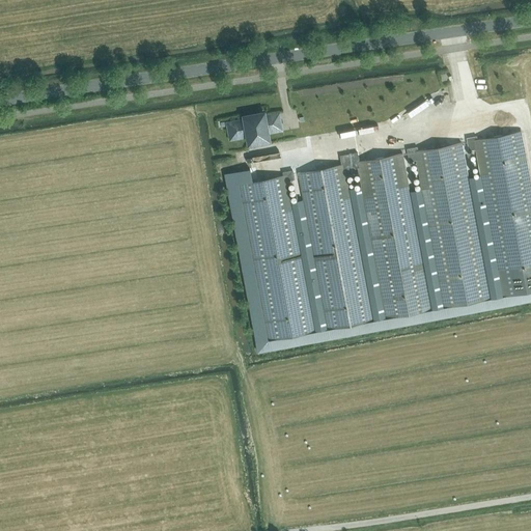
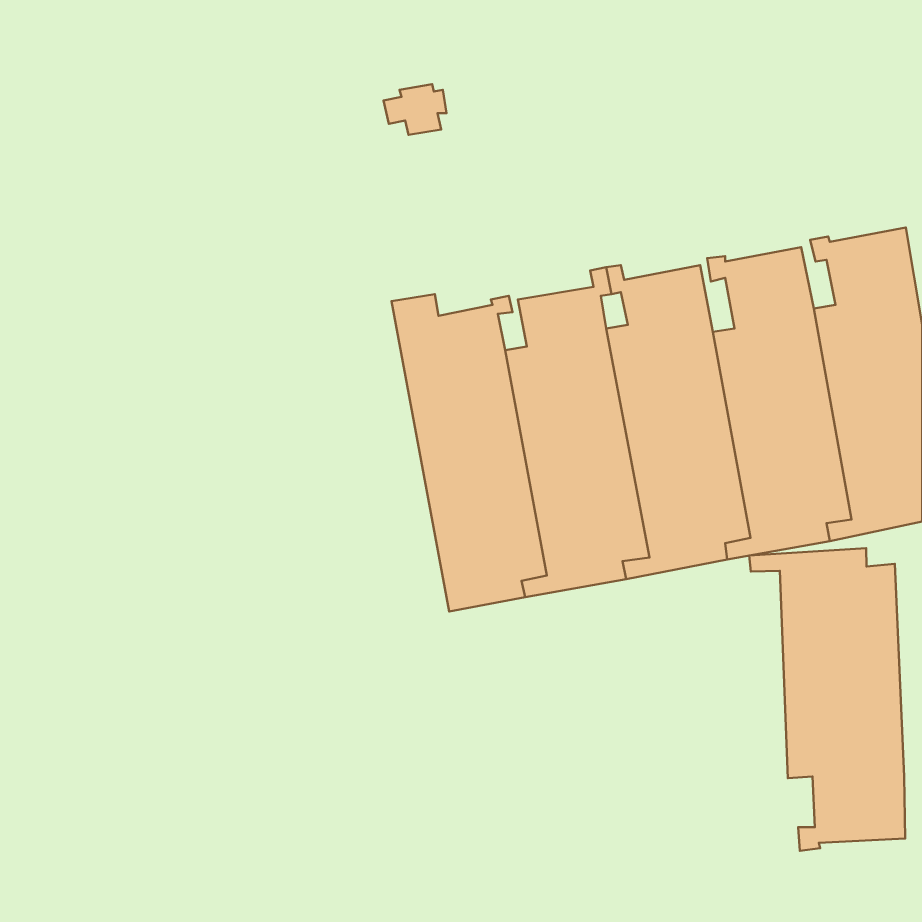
building: [234,114,271,143] -> [383,84,447,135]
building: none -> [749,548,905,851]

